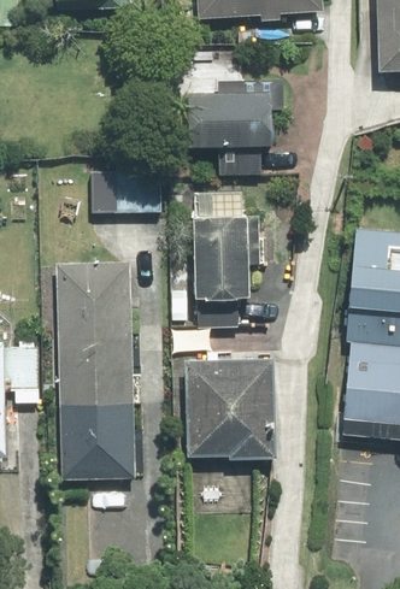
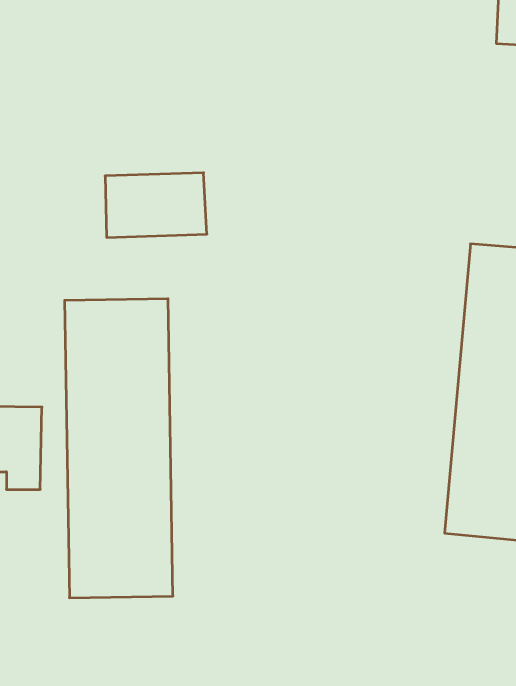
building: [186,82,277,143] -> none
building: [196,190,249,304] -> none
building: [183,351,276,453] -> none

